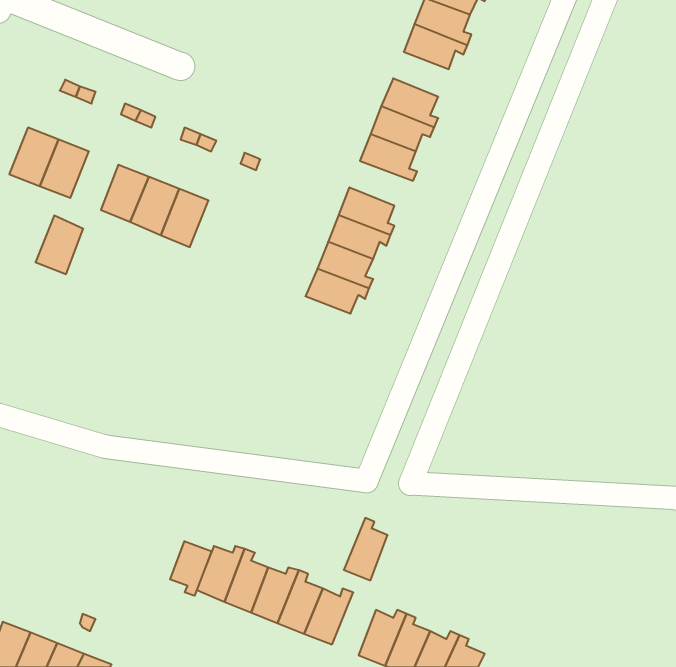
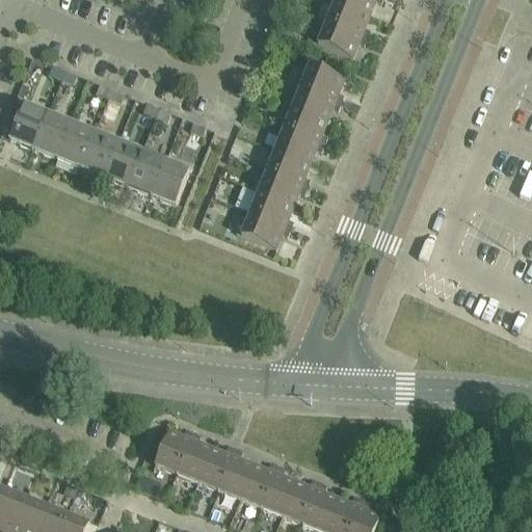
building: none -> [273,126,323,161]
building: none -> [149,157,188,203]
building: [35,216,83,274] -> [55,118,92,164]
building: [344,518,388,580] -> [260,463,294,512]
building: [170,541,211,596] -> none

